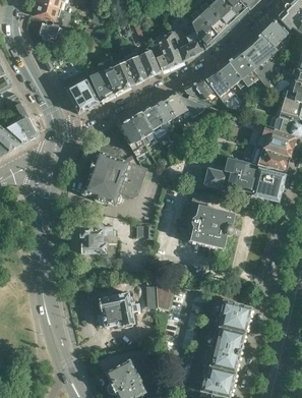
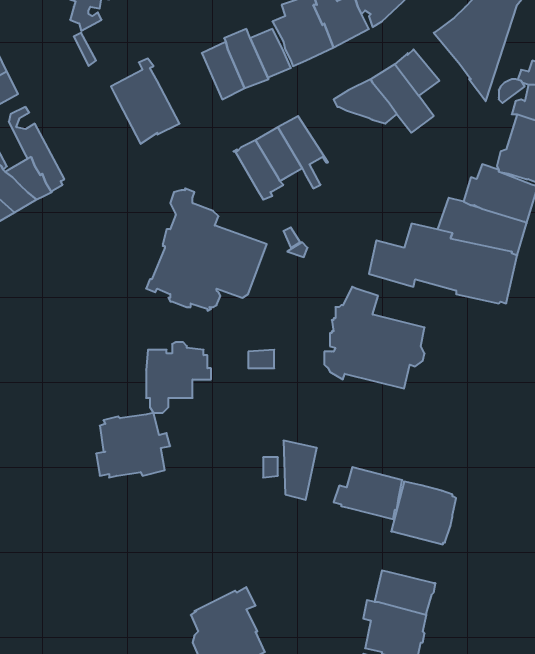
building: [228,52,259,86] -> none
building: [87,65,123,101] -> none
building: [165,92,205,123] -> none
building: [117,117,145,152] -> none
building: [98,291,138,327] -> [96,413,170,478]
building: [206,326,244,354] -> [334,467,402,519]

